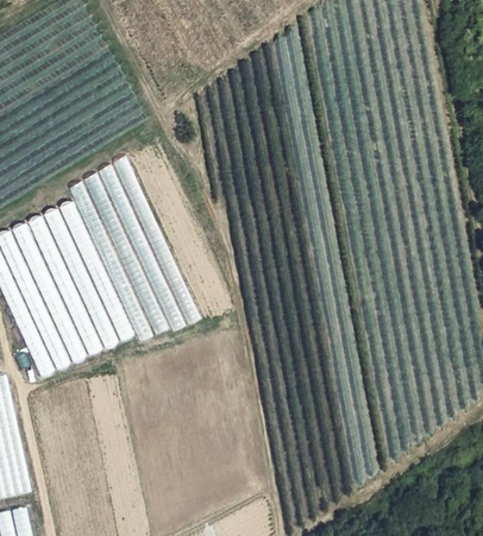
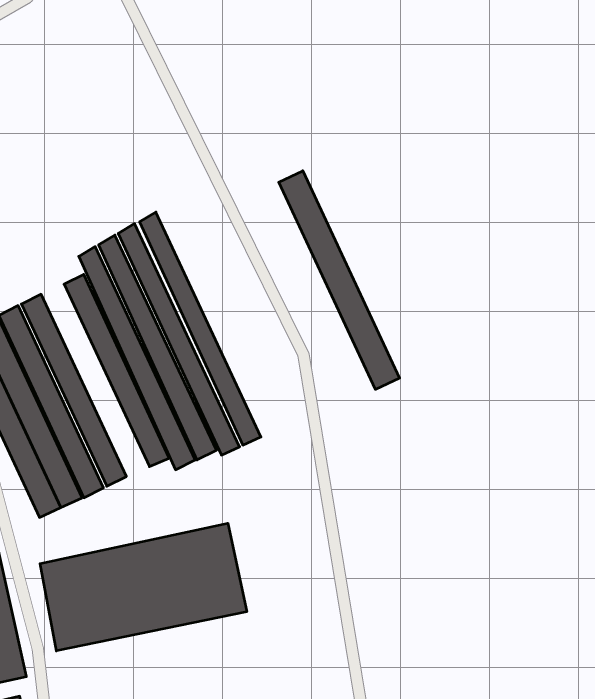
building: none -> [279,171,400,389]
building: [43,208,119,347] -> none
building: none -> [40,523,247,651]

